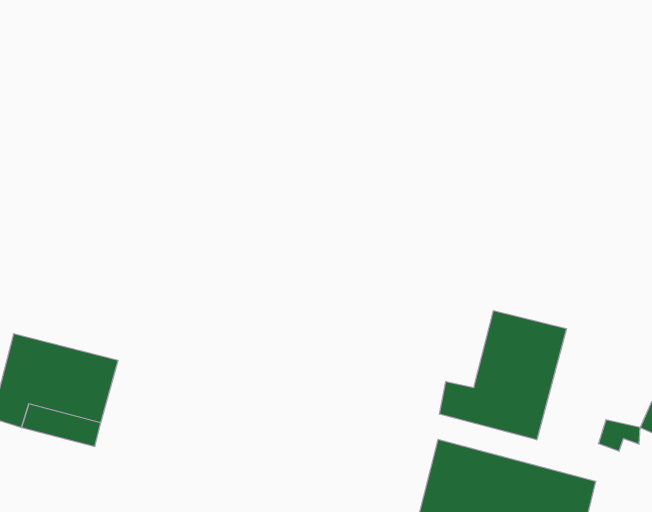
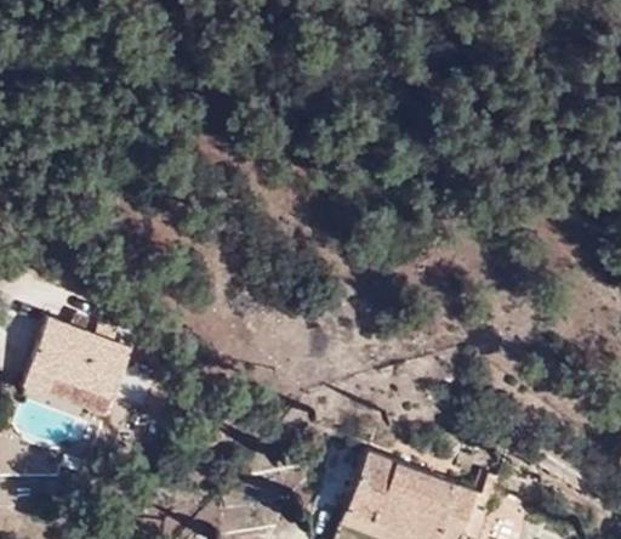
building: [439,311,566,440] -> none

